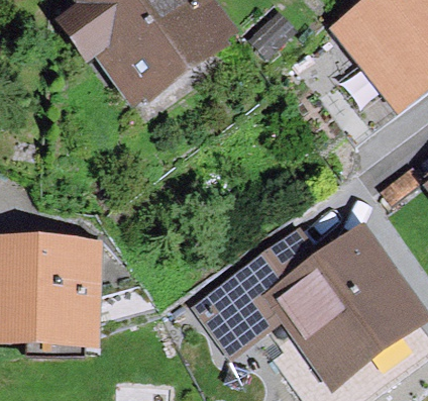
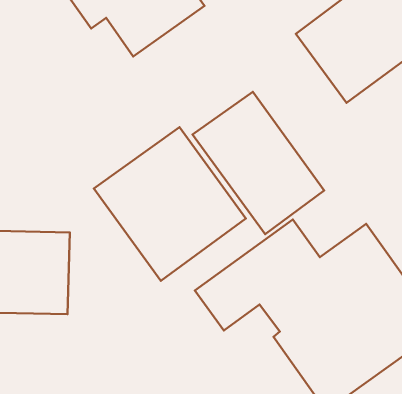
building: none -> [193,92,324,234]
building: none -> [94,127,246,281]

